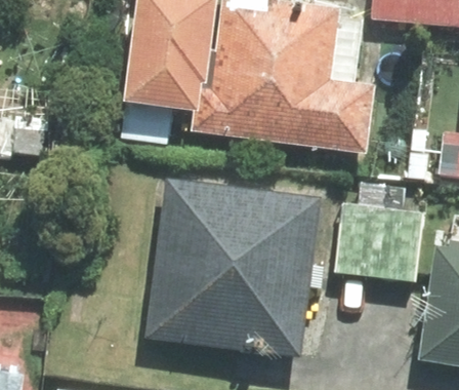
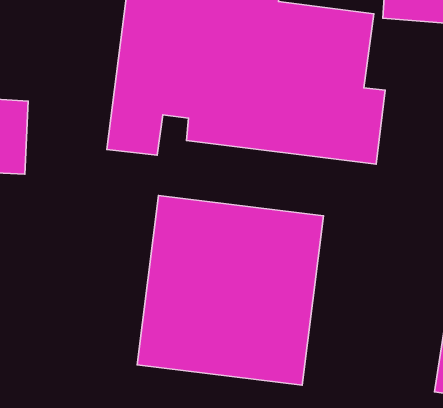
building: [333,202,422,281] -> none

